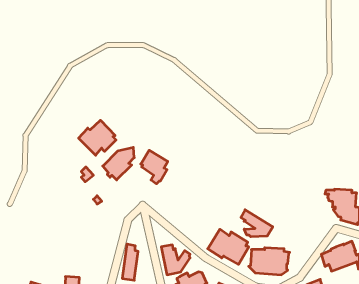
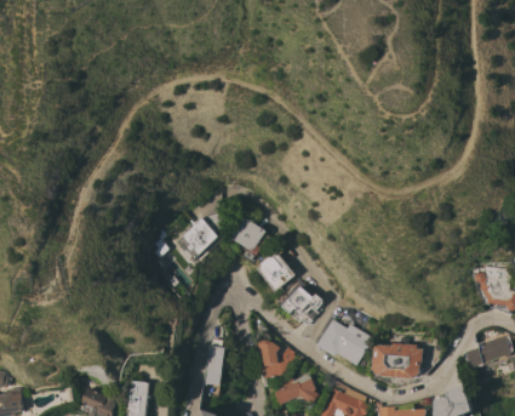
building: [79,120,116,155] -> none
building: none -> [258,252,293,289]
building: none -> [276,279,322,325]
building: [241,210,273,237] -> none

